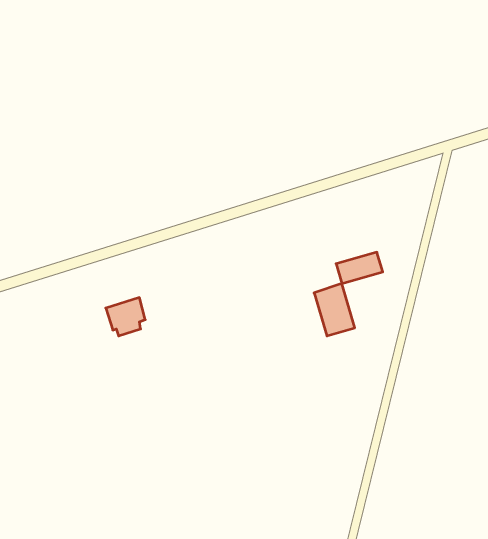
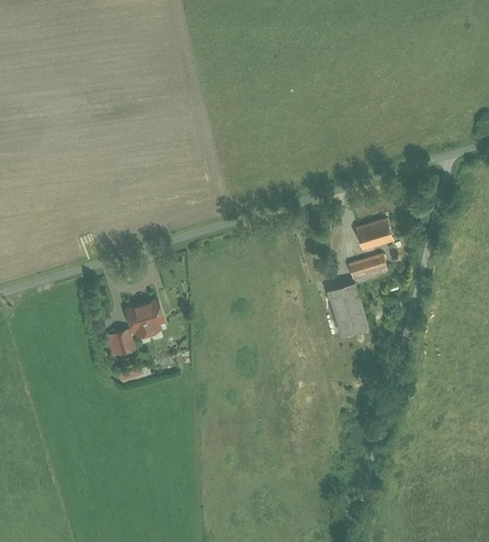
building: none -> [359,217,396,249]
building: none -> [107,327,136,353]

